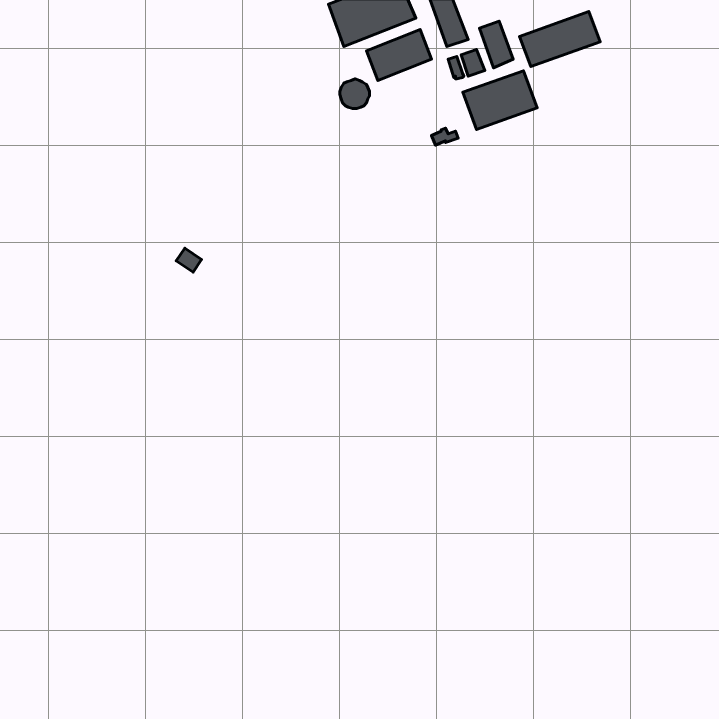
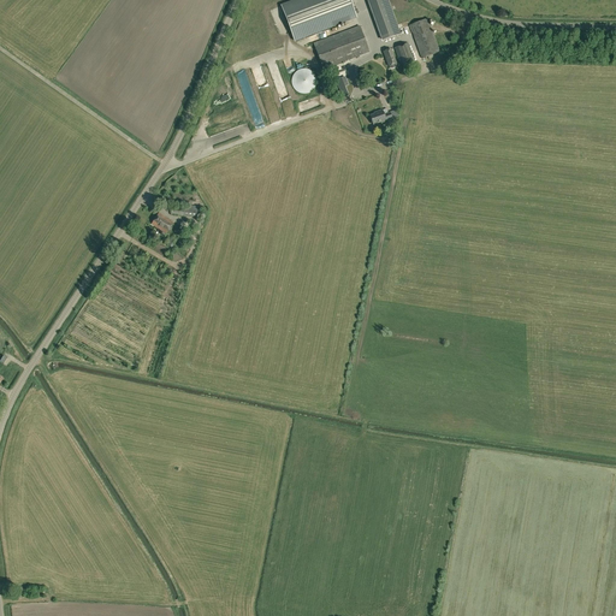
building: [519,12,600,67] -> none
building: [463,71,537,129] -> none

